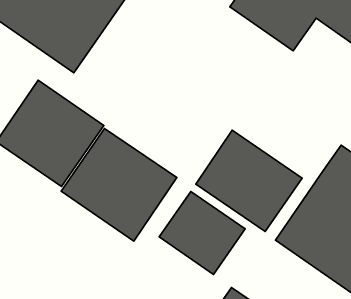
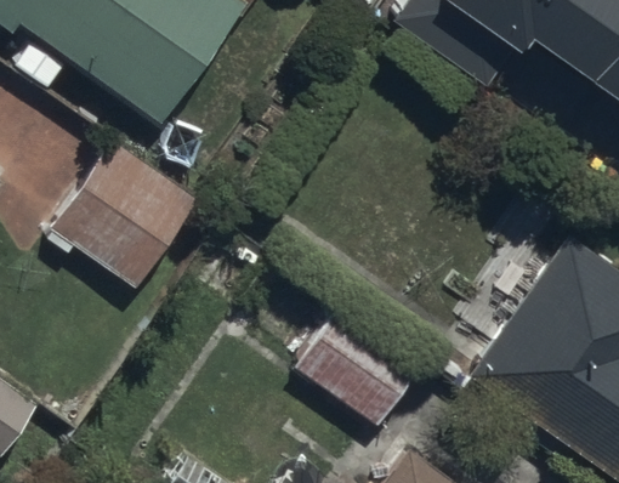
building: [61,128,177,241] -> none
building: [196,130,302,231] -> none

